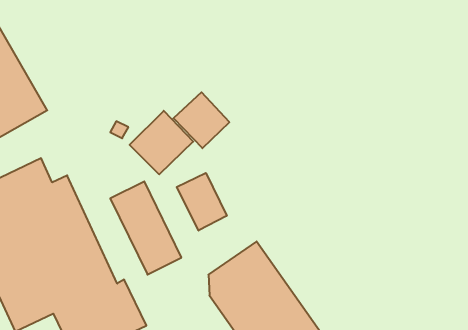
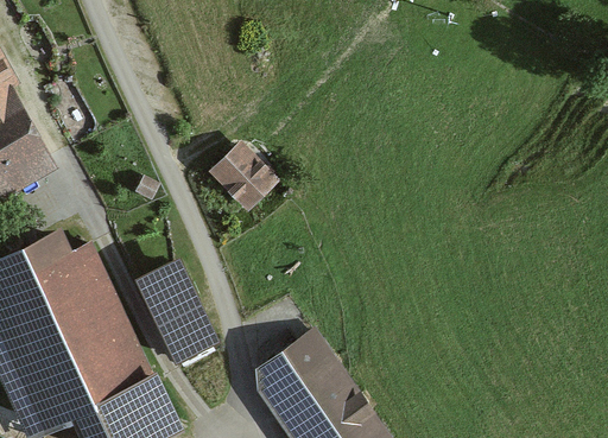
building: [130,111,193,174] -> none
building: [177,173,227,231] -> none

